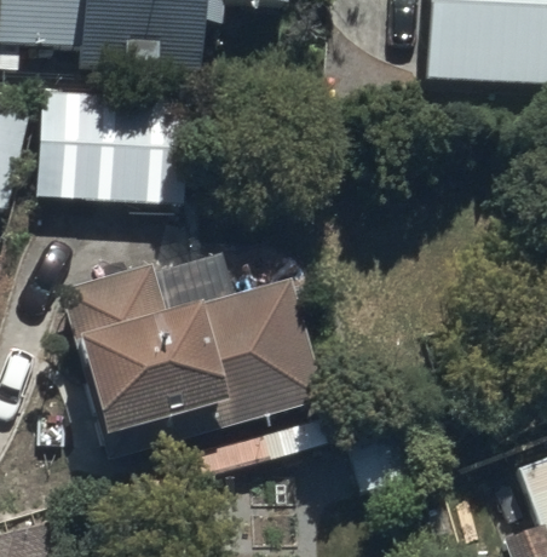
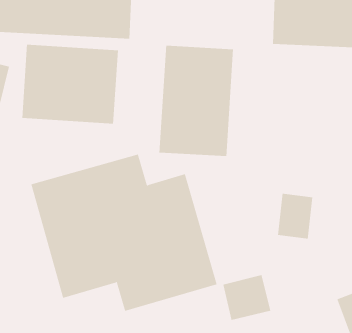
building: none -> [159,45,233,157]

